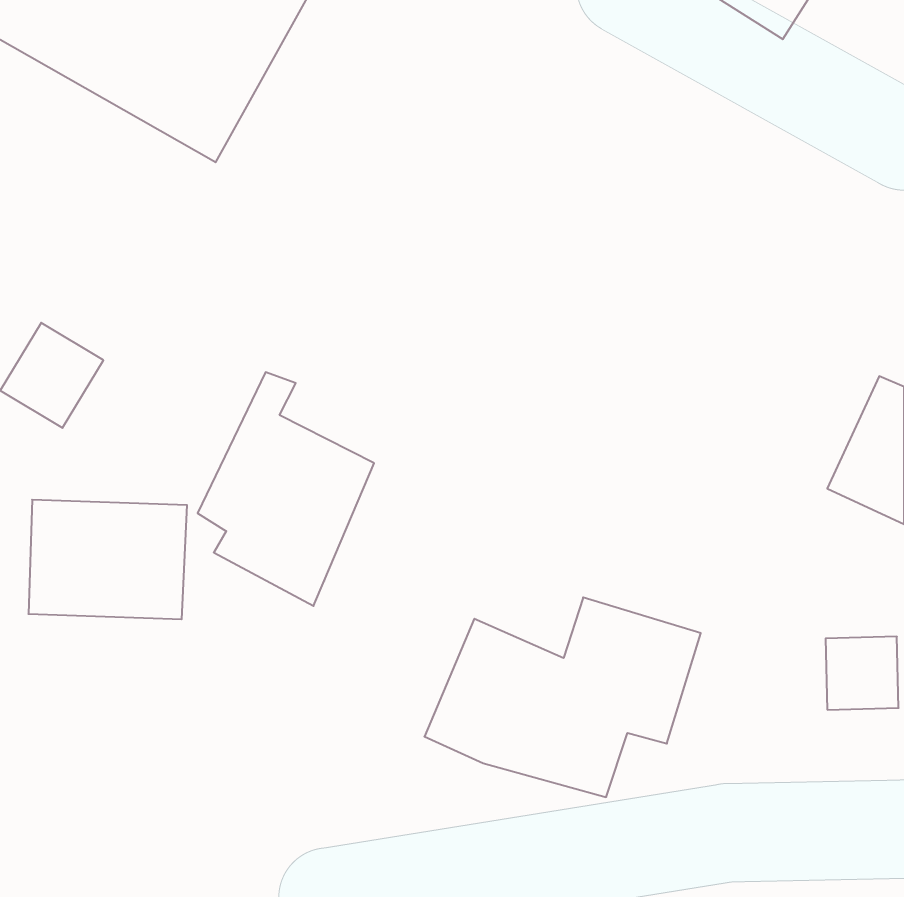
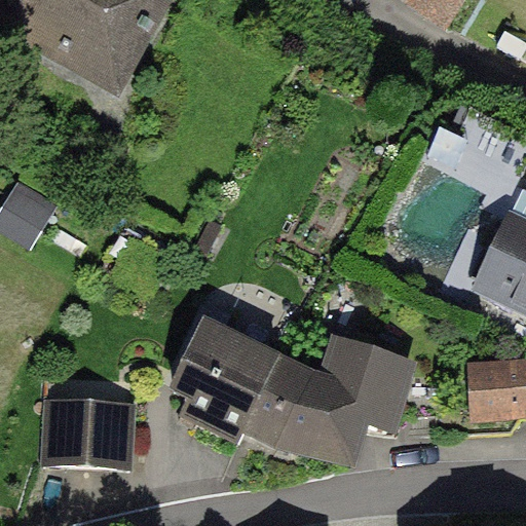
building: [198,372,374,606] -> [172,304,273,439]
building: [28,500,187,619] -> [39,396,130,464]

